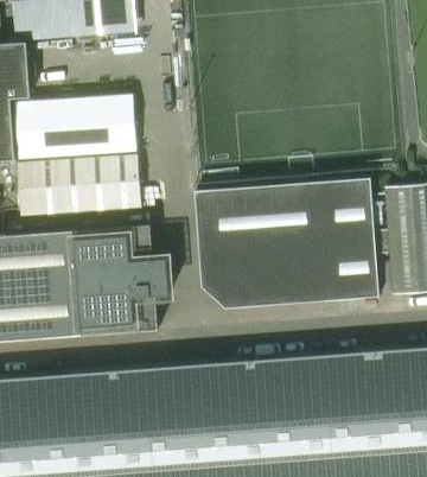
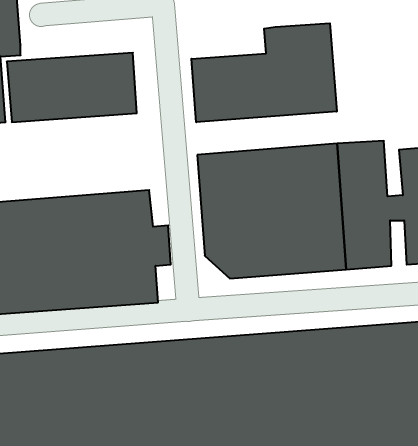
building: none -> [191,23,337,122]
building: [18,155,141,216] -> none

